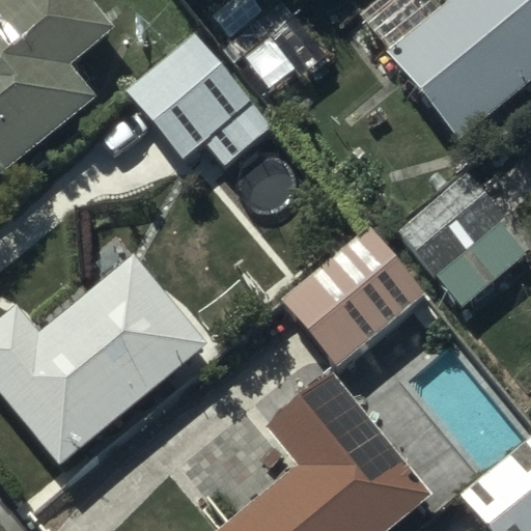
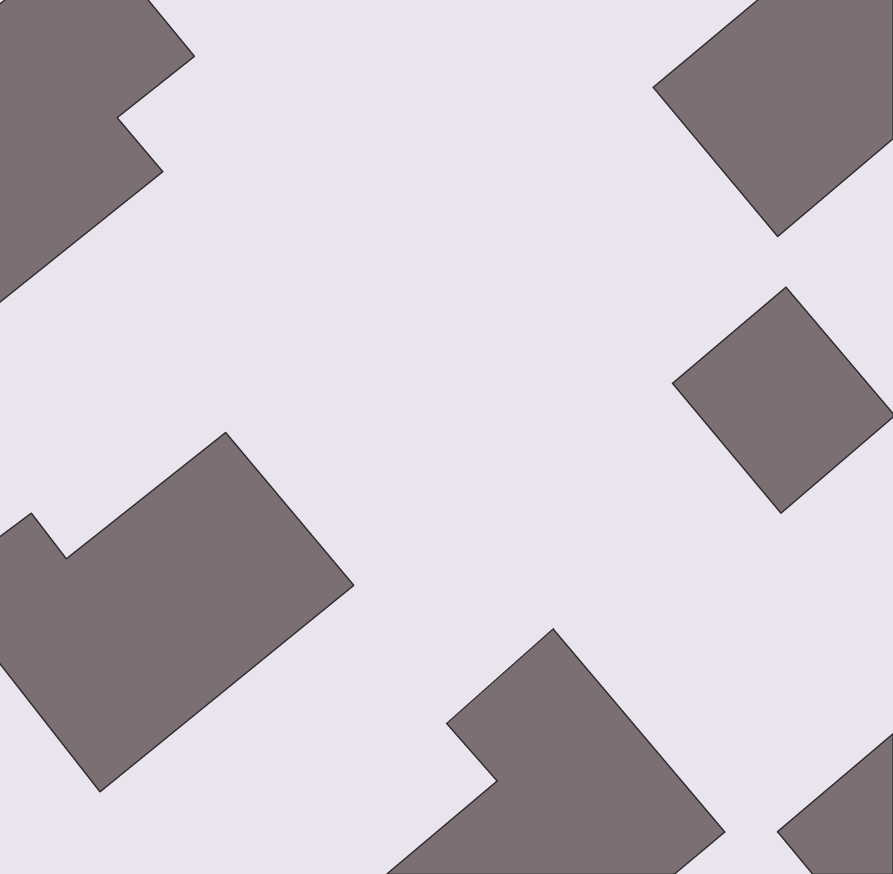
building: [125,30,273,163] -> none
building: [283,226,426,366] -> none

